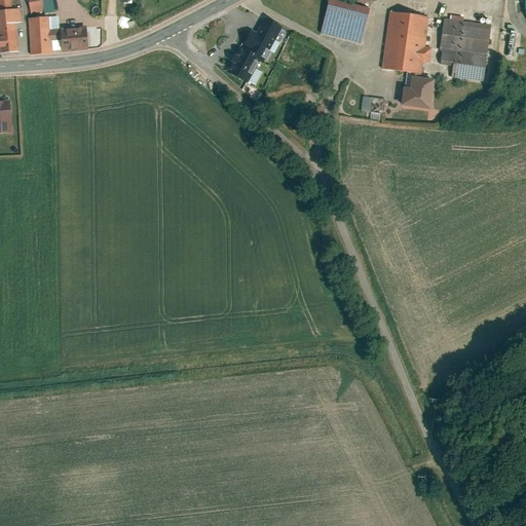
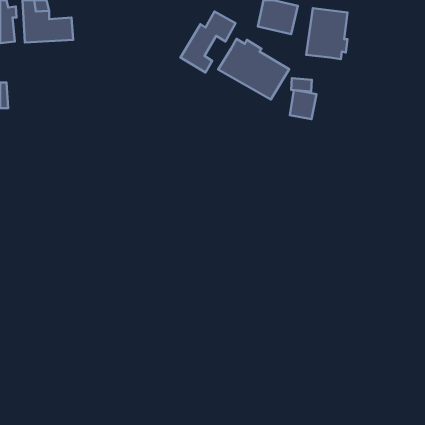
building: [437,20,490,82] -> none
building: none -> [218,39,289,100]
building: [403,71,436,107] -> [290,90,316,119]

